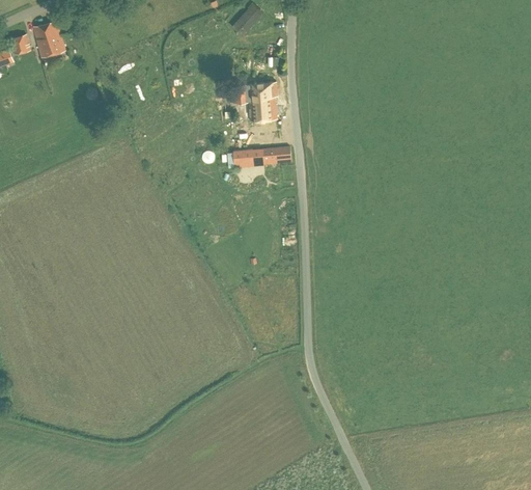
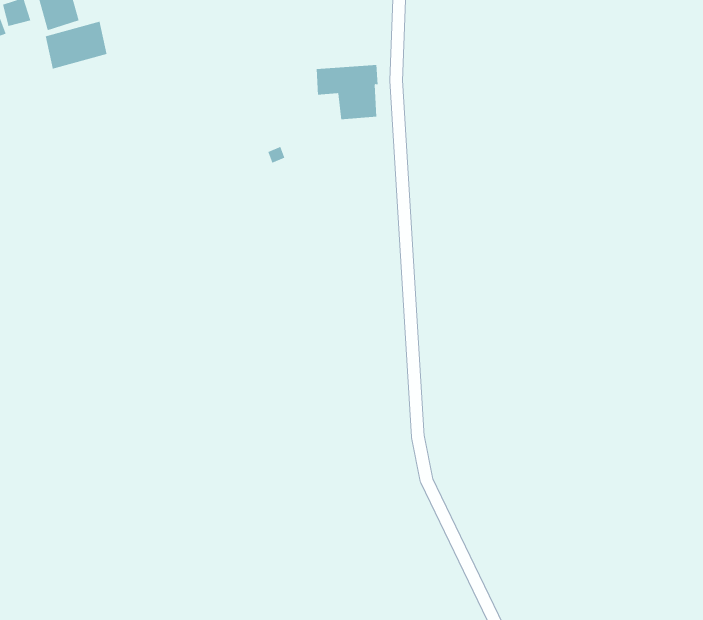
building: none -> [45,21,107,69]
building: [232,147,290,170] -> none

